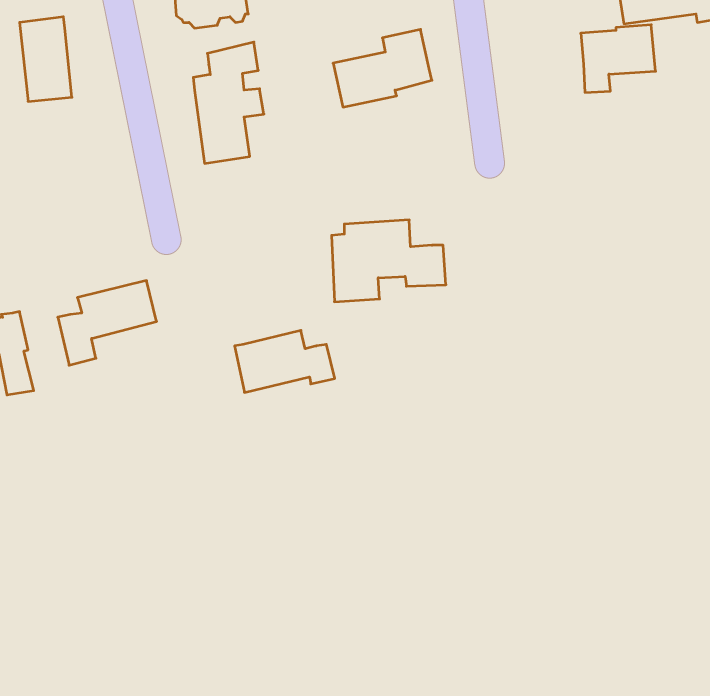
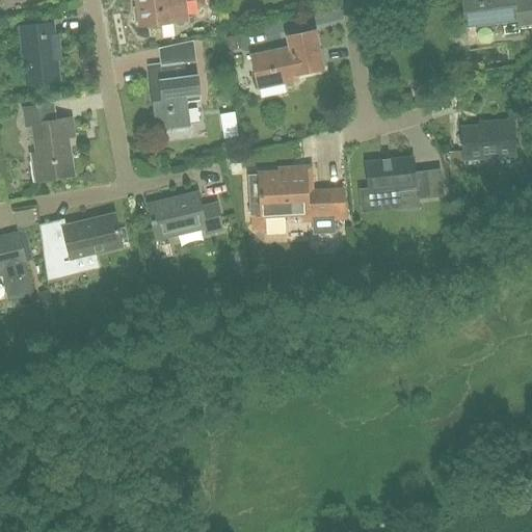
building: [581,25,656,92] -> [461,121,516,170]
building: none -> [22,101,74,180]
building: none -> [362,157,430,211]
building: [235,330,335,392] -> [150,192,223,238]

